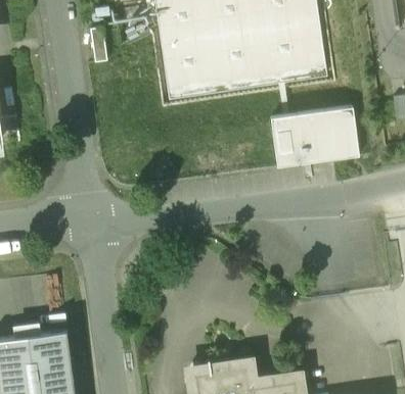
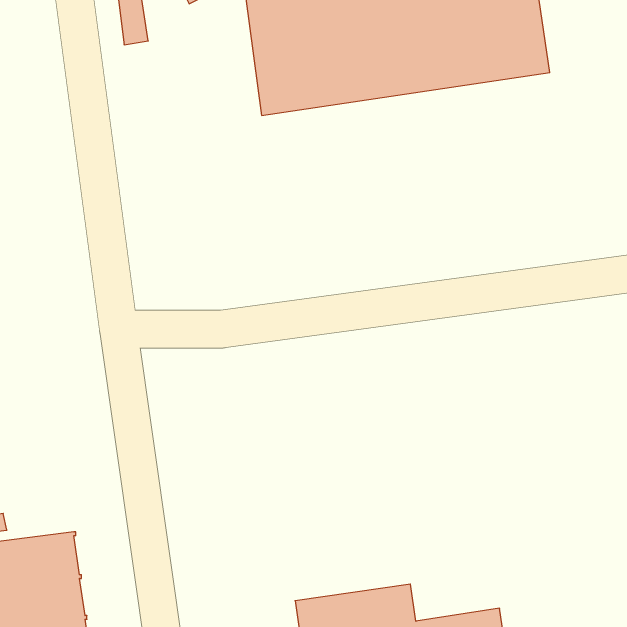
building: [272,105,360,164] -> none

